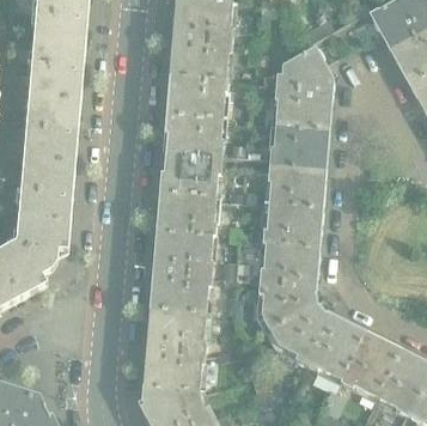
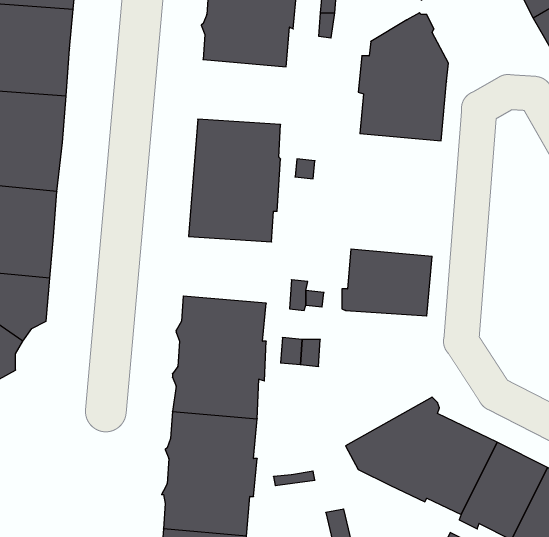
building: [167,75,228,118] -> none
building: [268,124,329,206] -> none
building: [158,193,216,237] -> none
building: [256,242,323,331] -> none

